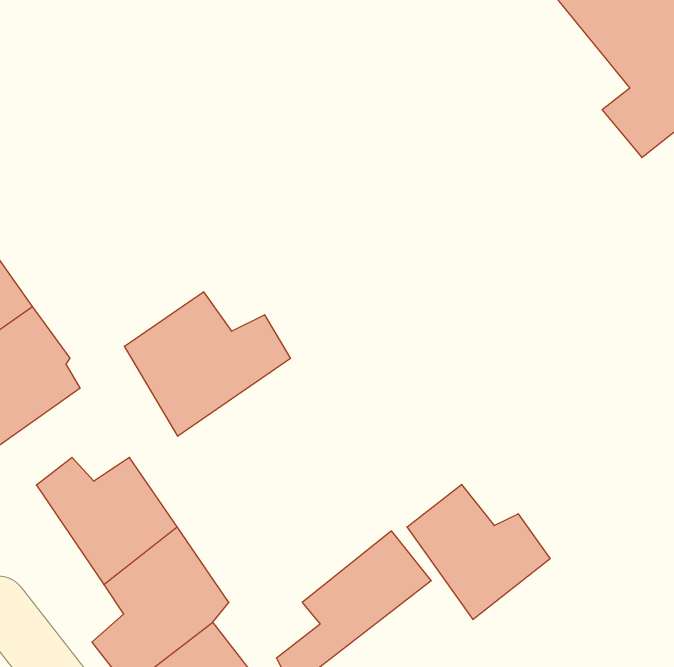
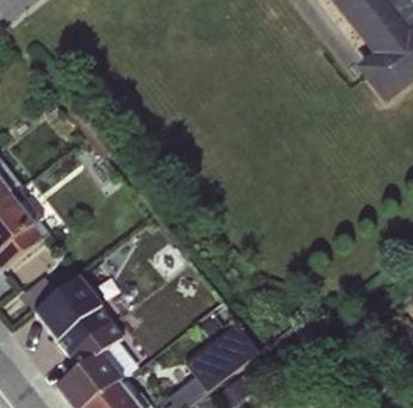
building: [124,292,291,436] -> none
building: [407,484,550,620] -> none

